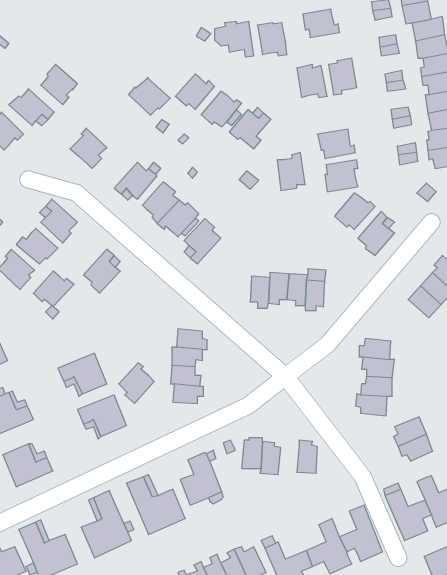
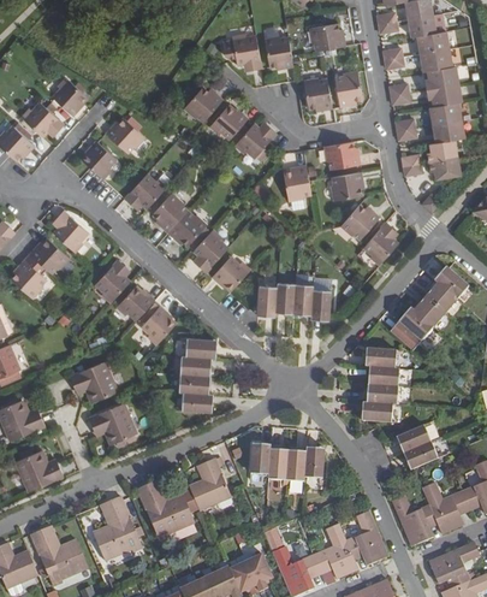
building: [129,77,170,115] -> [105,117,145,154]
building: none -> [212,256,250,291]
building: [33,271,74,307] -> [115,285,155,320]
building: none -> [398,308,433,341]
building: [119,363,154,403] -> [141,305,176,344]
building: none -> [285,450,305,481]

